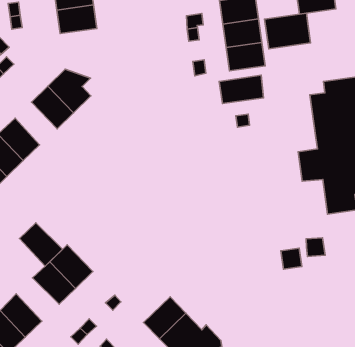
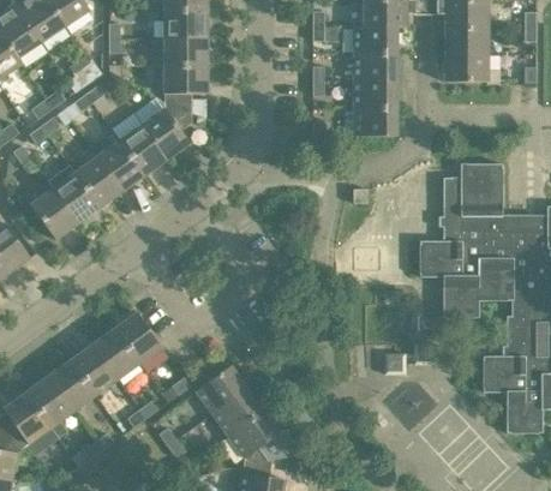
building: [265,13,311,49] -> none
building: none -> [163,66,206,122]
building: [219,75,264,104] -> none
building: none -> [97,140,144,191]
building: [20,223,63,266] -> [70,343,118,395]
building: none -> [196,365,247,413]

